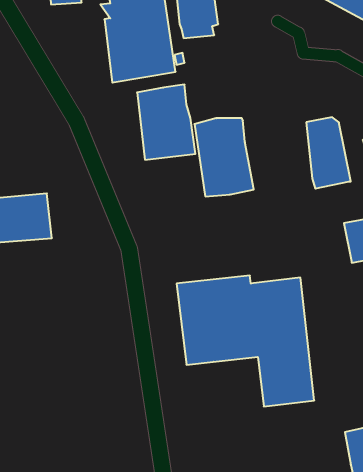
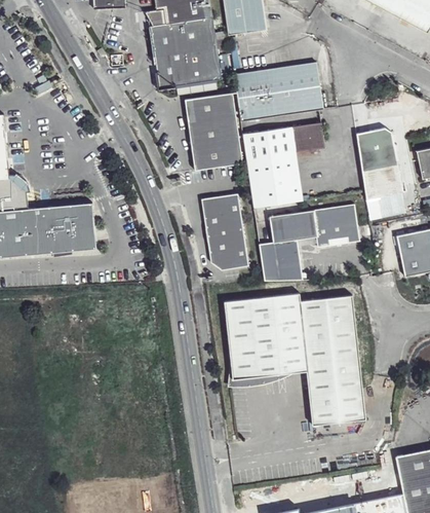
building: none -> [234,61,322,119]
building: none -> [291,125,323,151]
building: none -> [200,191,247,268]
building: none -> [365,192,406,223]
building: none -> [258,200,359,282]

